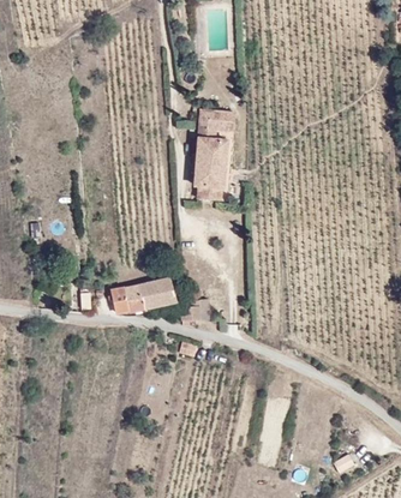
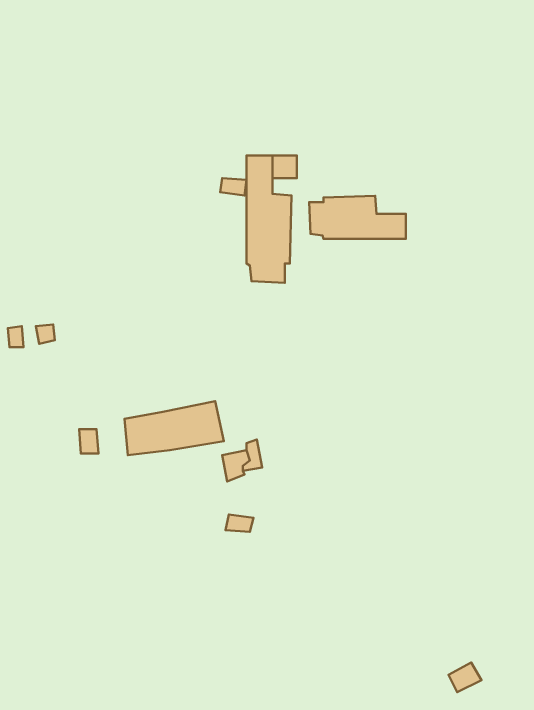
building: none -> [309,196,406,239]

